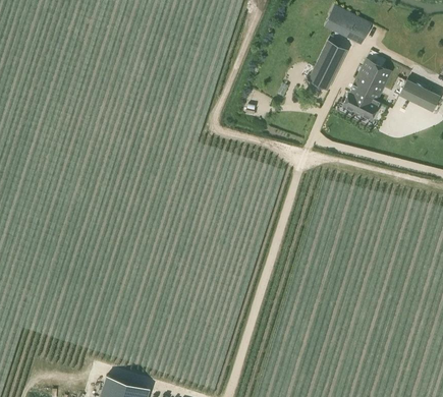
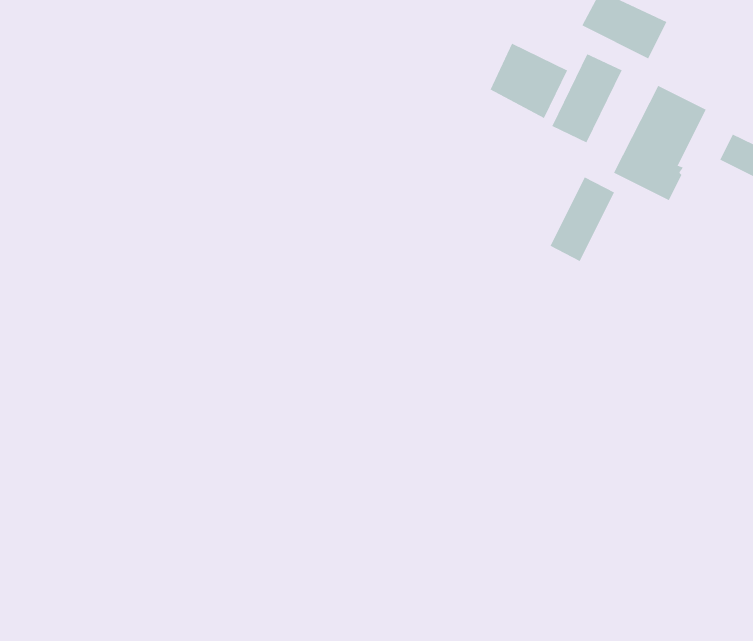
building: none -> [490,43,568,119]
building: none -> [550,176,615,262]

